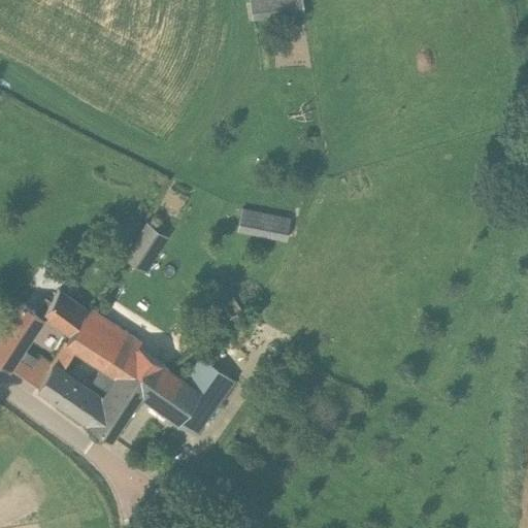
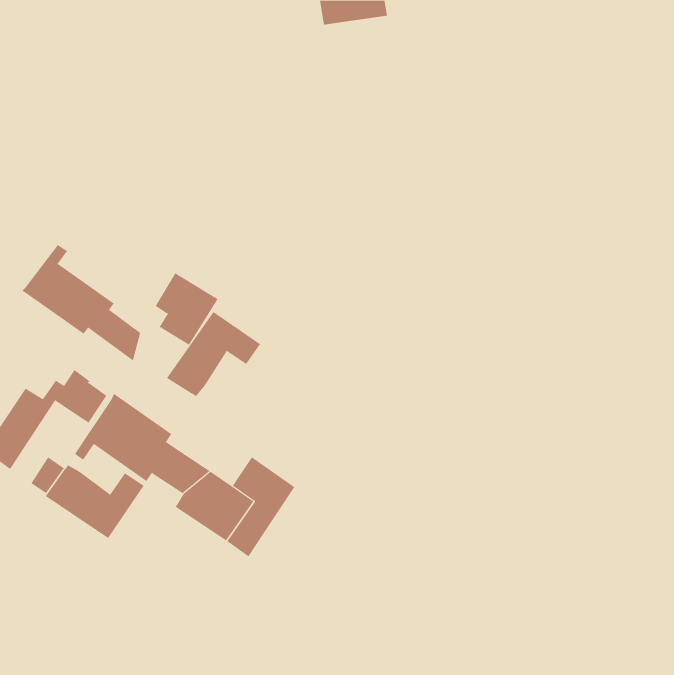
building: none -> [21,244,141,361]
building: [235,210,288,242] -> none
building: none -> [167,311,261,397]
building: [85,370,142,437] -> none

